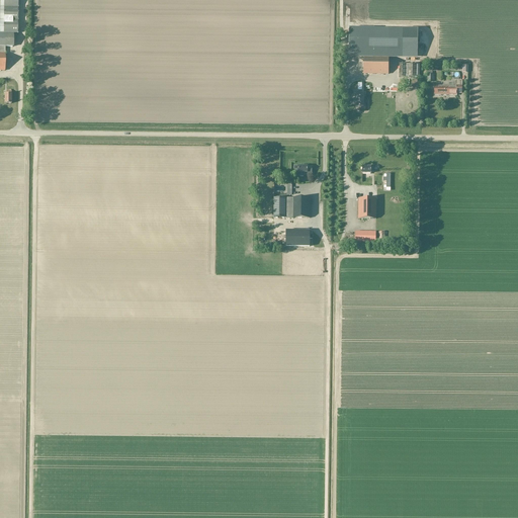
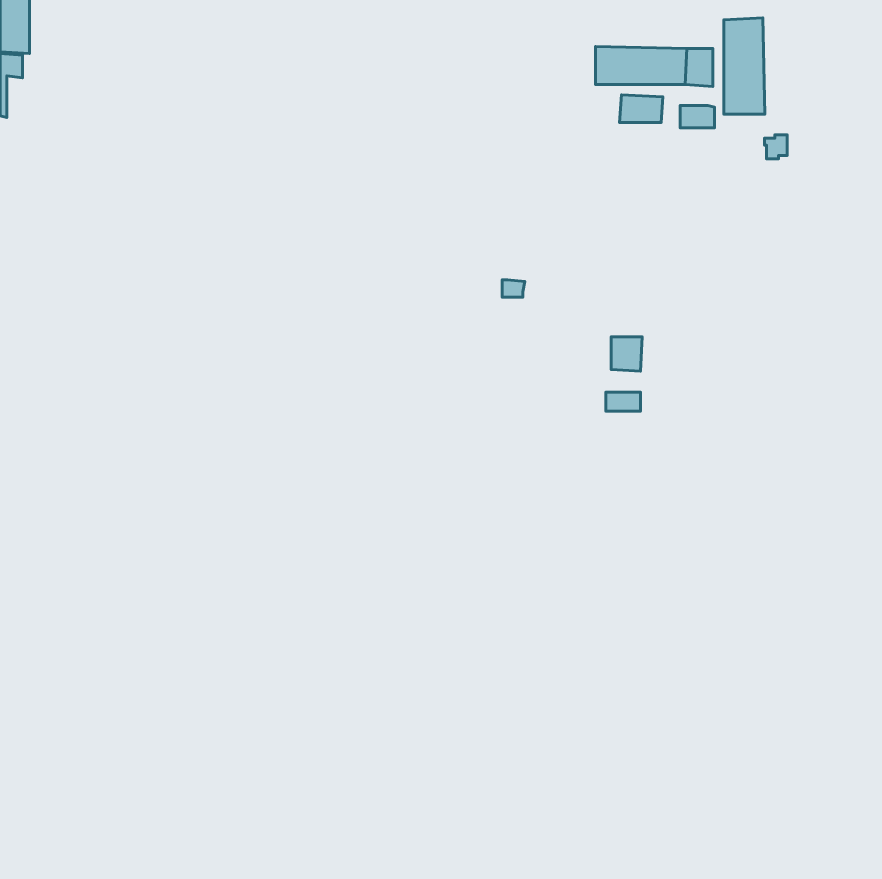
building: none -> [724,18,765,114]
building: [273,196,310,217] -> none
building: [286,229,313,245] -> none

